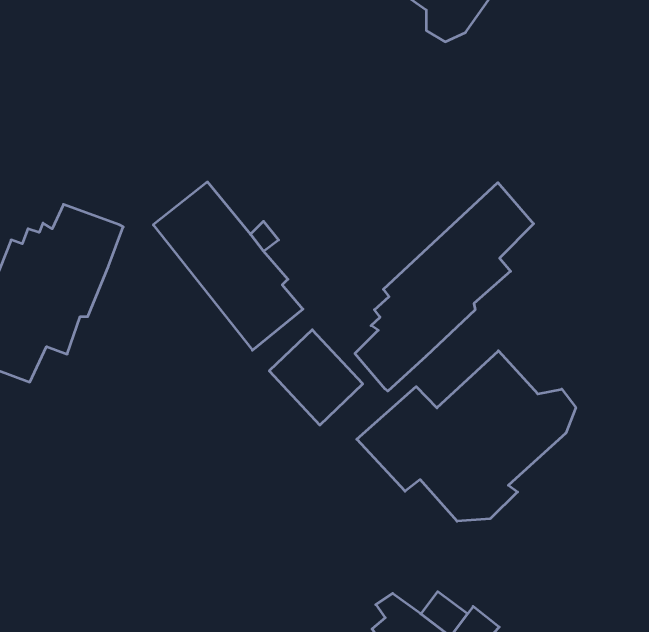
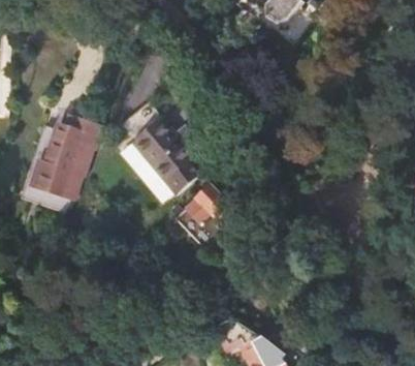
building: [355,183,534,391] -> none
building: [357,351,576,521] -> none

